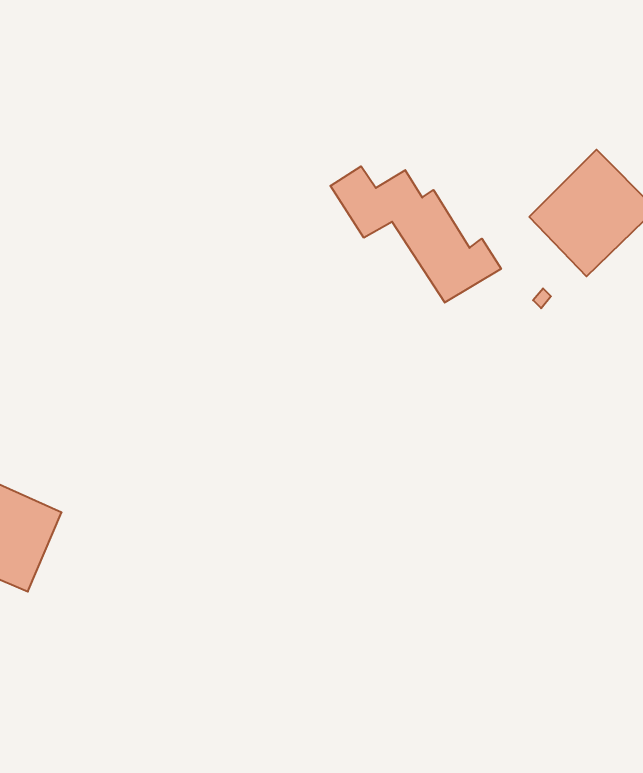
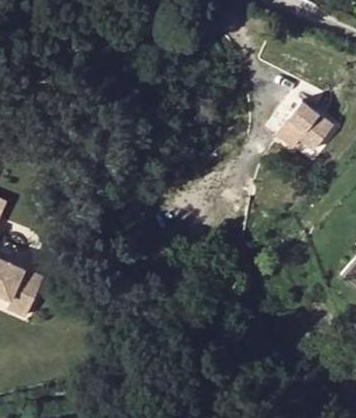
building: [330,166,501,303] -> none

